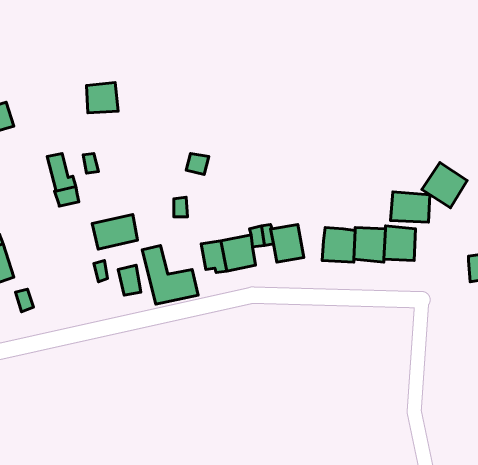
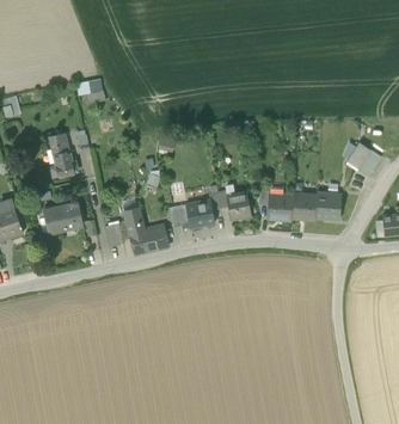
building: [390,192,430,222] -> none
building: [92,214,137,249] -> [47,203,82,231]

